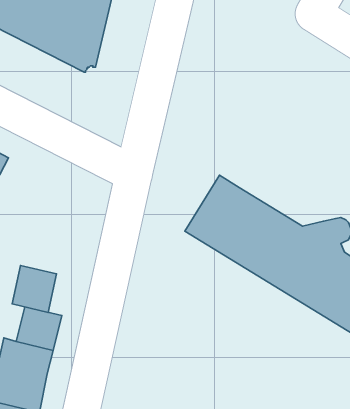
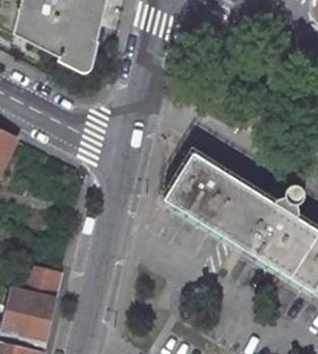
building: [12,265,57,312] -> none

